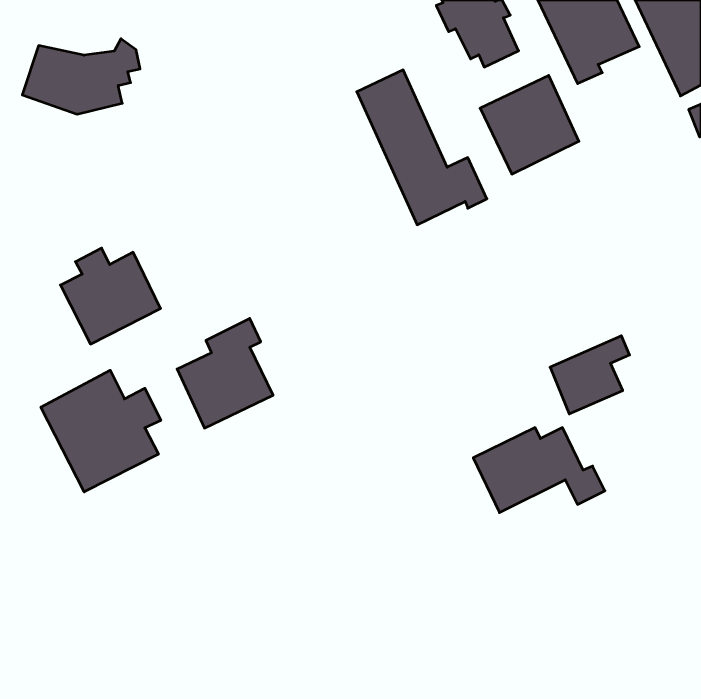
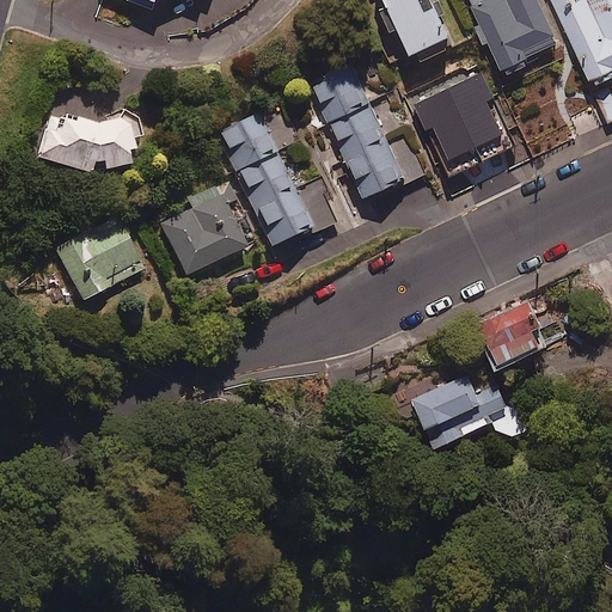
building: [22,39,140,114] -> [36,110,139,176]
building: none -> [215,114,339,246]
building: [177,318,273,428] -> [161,179,245,275]
building: [41,370,161,492] -> none

